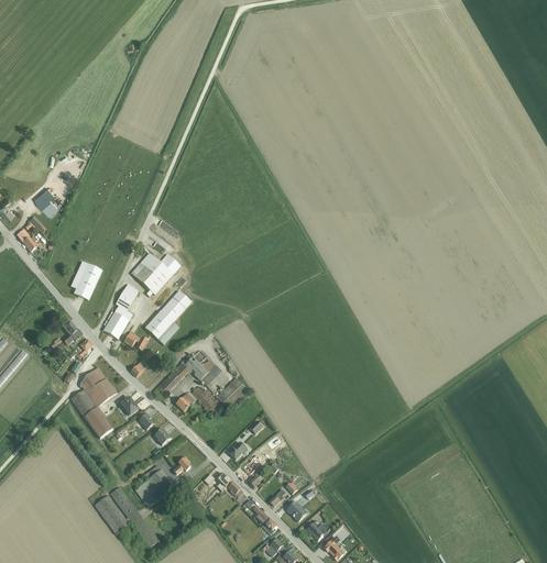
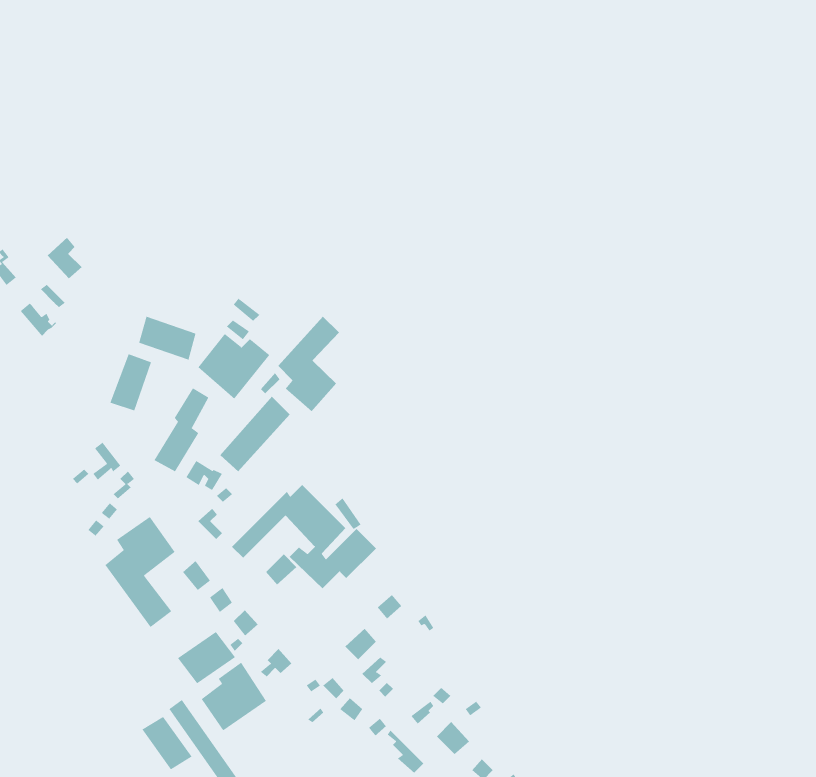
building: none -> [138,316,196,360]
building: none -> [277,316,340,412]
building: none -> [177,631,236,684]

